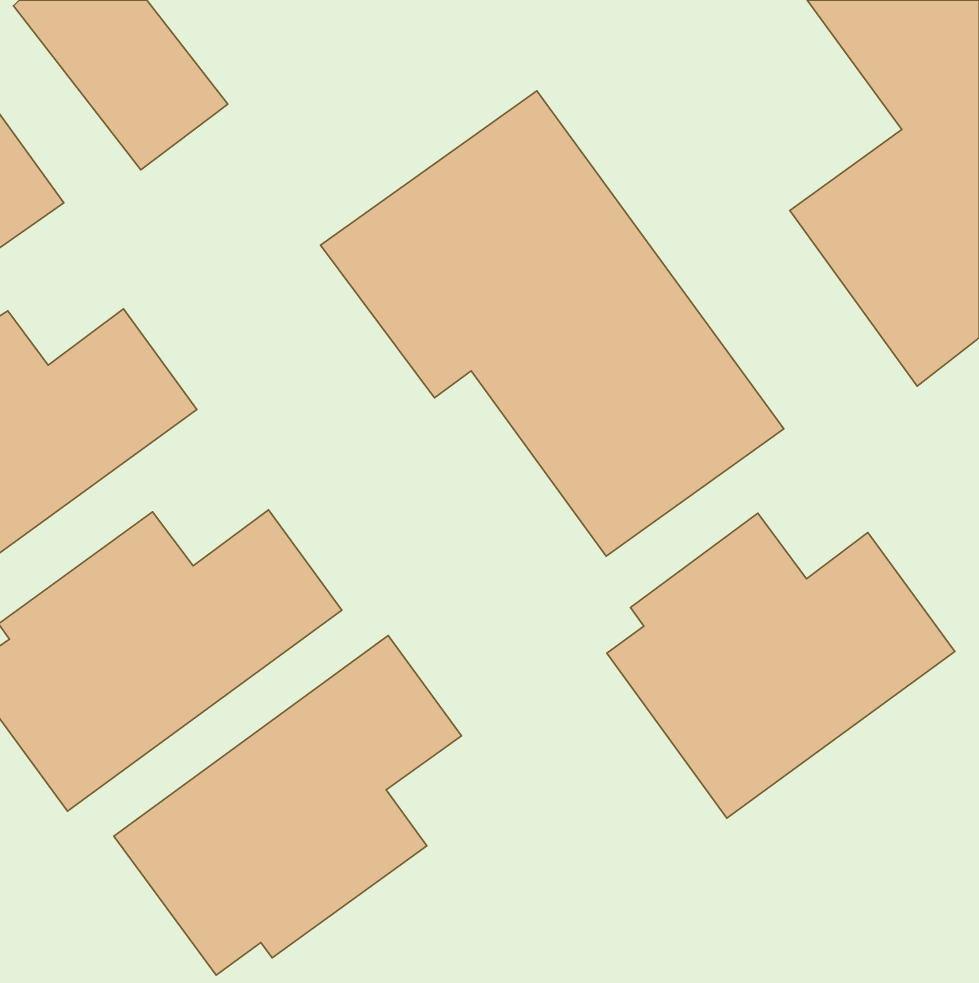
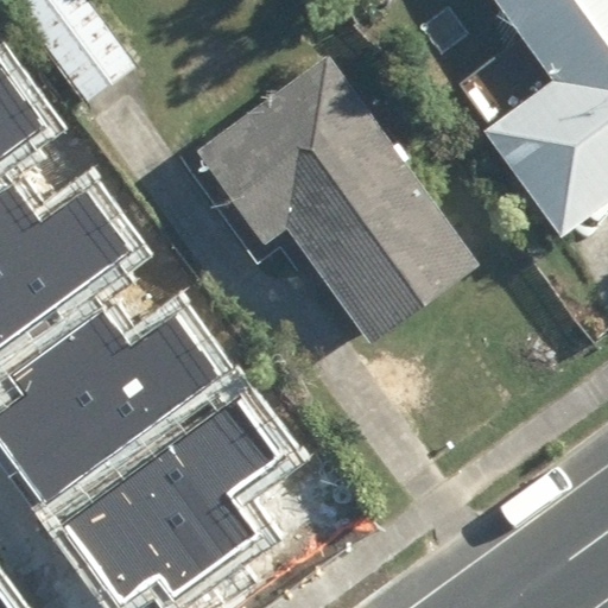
building: [607,513,955,818] -> none

